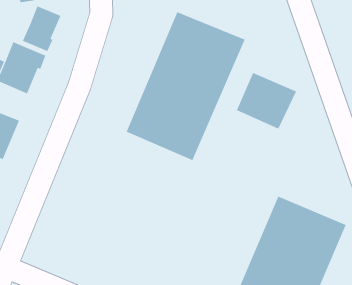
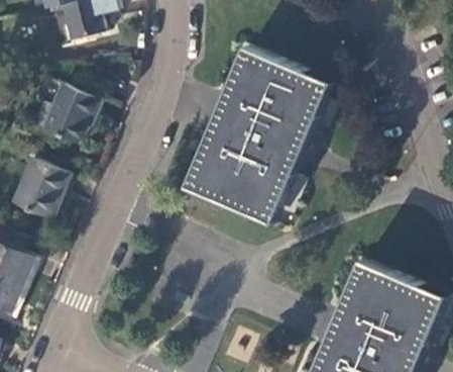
building: [22,5,61,52] -> none
building: [236,72,297,130] -> none

